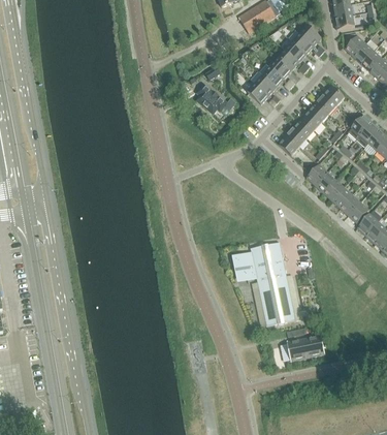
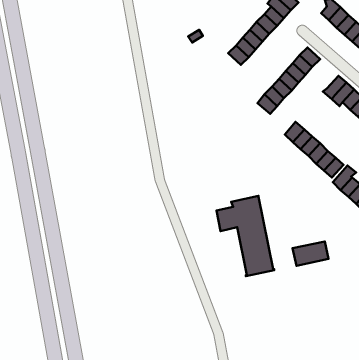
building: [195,83,227,114] -> none
building: [286,335,324,361] -> [292,241,329,266]

